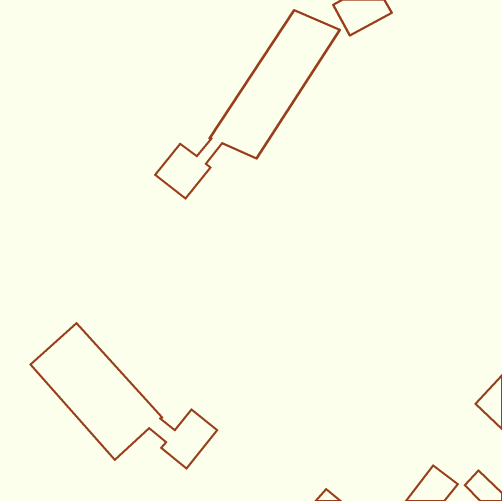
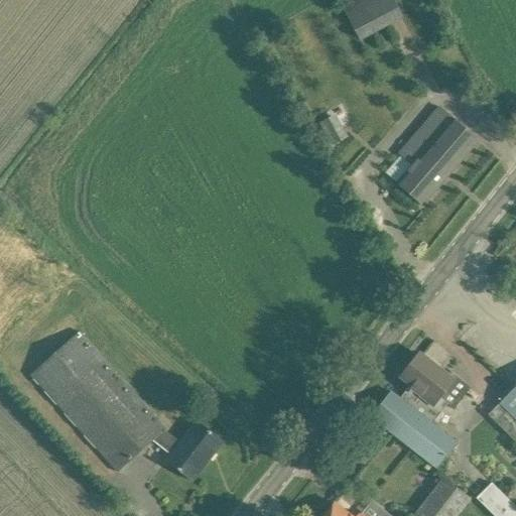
building: [155,10,340,198] -> none
building: none -> [396,107,479,206]
building: none -> [371,354,457,469]

